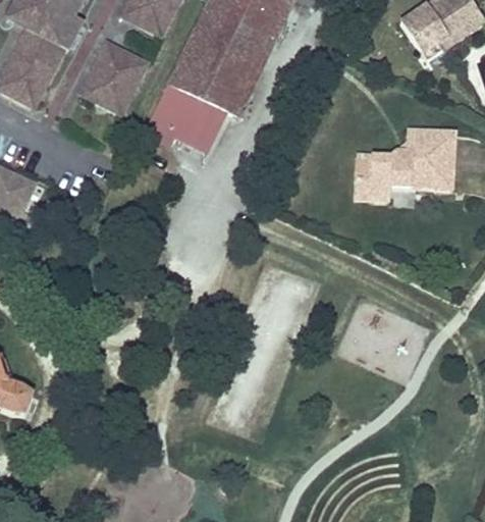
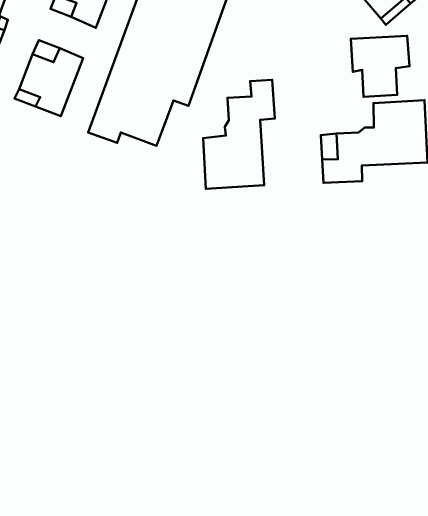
building: none -> [351,36,410,97]
building: none -> [203,80,275,189]

